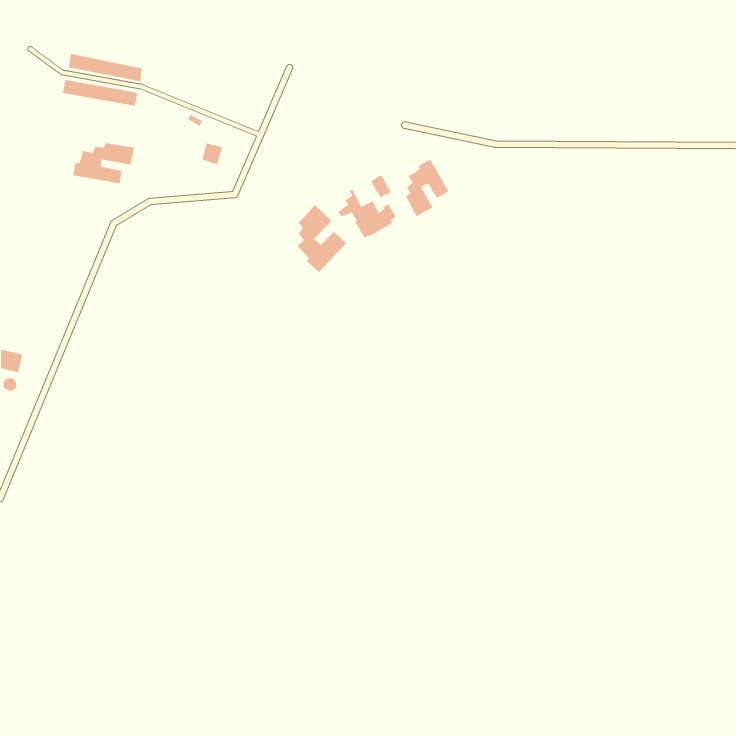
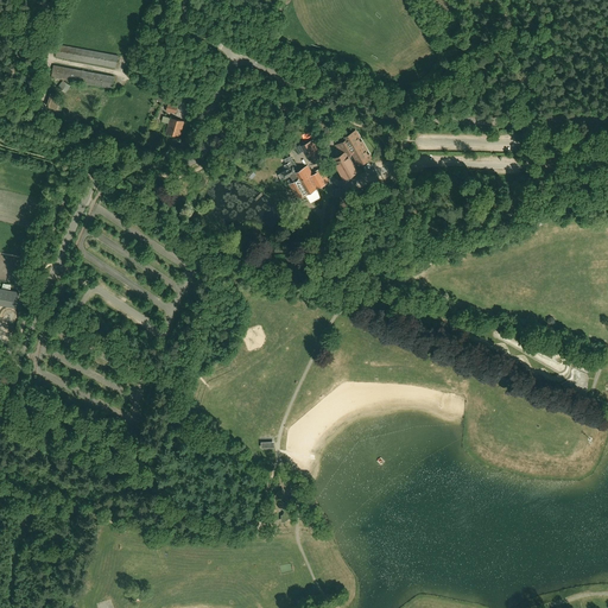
building: [73,142,135,184] -> none
building: [297,204,347,273] -> none

